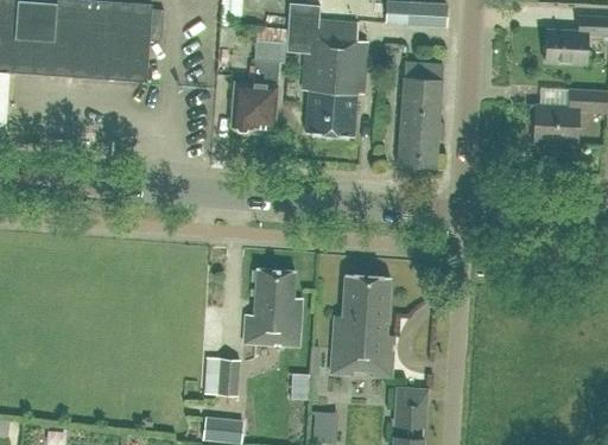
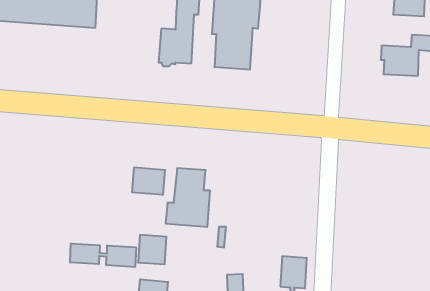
building: [397,62,443,167] -> none
building: none -> [132,167,165,195]
building: [330,274,394,376] -> none
building: none -> [70,243,136,267]

